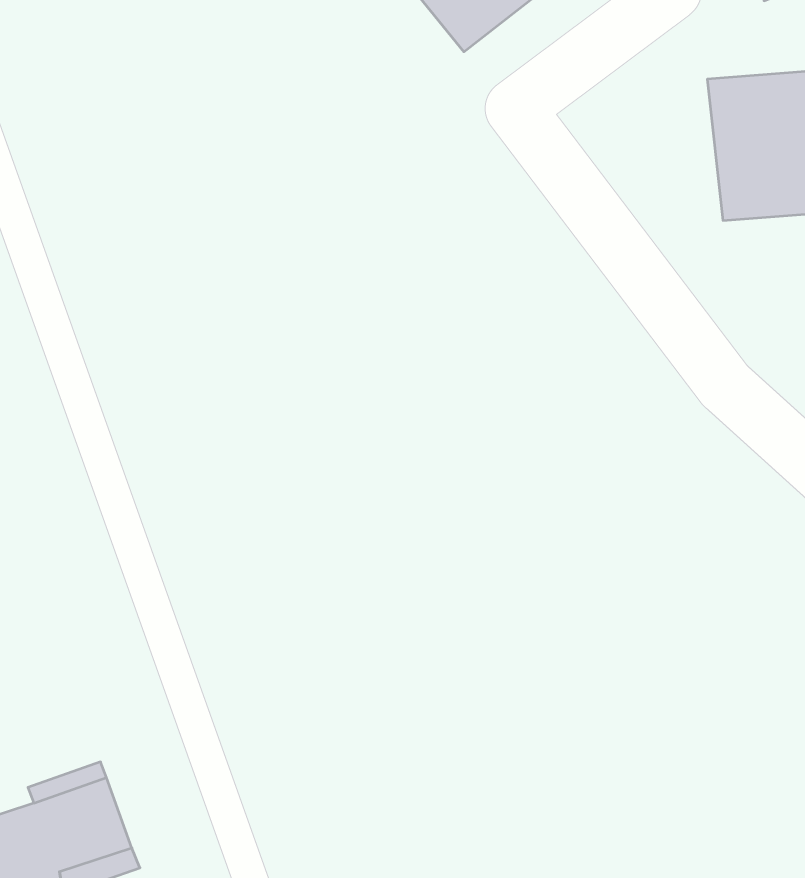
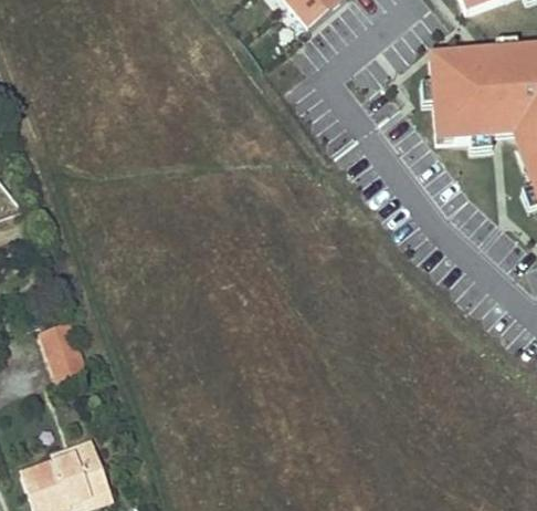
building: none -> [39,321,84,380]

